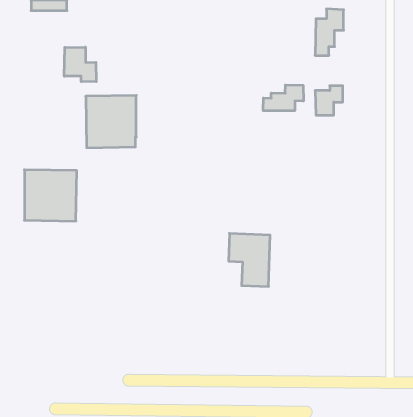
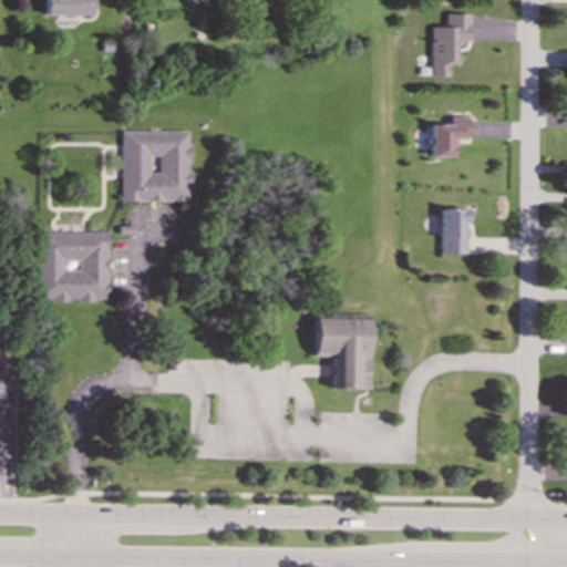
building: [64,47,96,82] -> none
building: [263,85,303,111] -> none
building: none -> [443,208,470,254]

